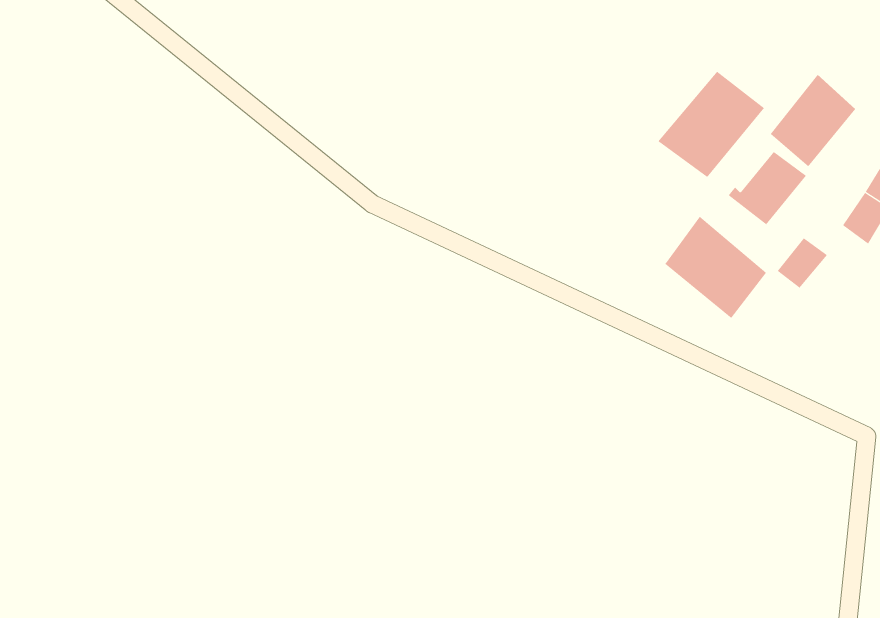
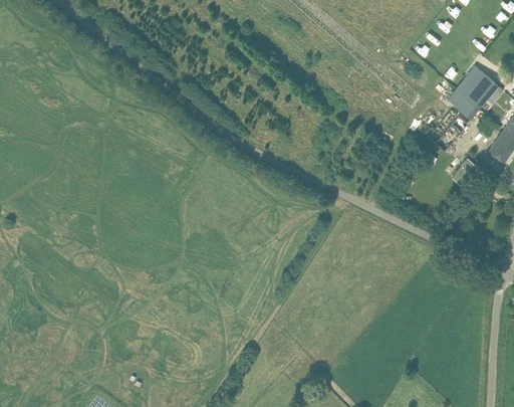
building: [658,71,765,178] -> none
building: [664,216,767,319] -> none

